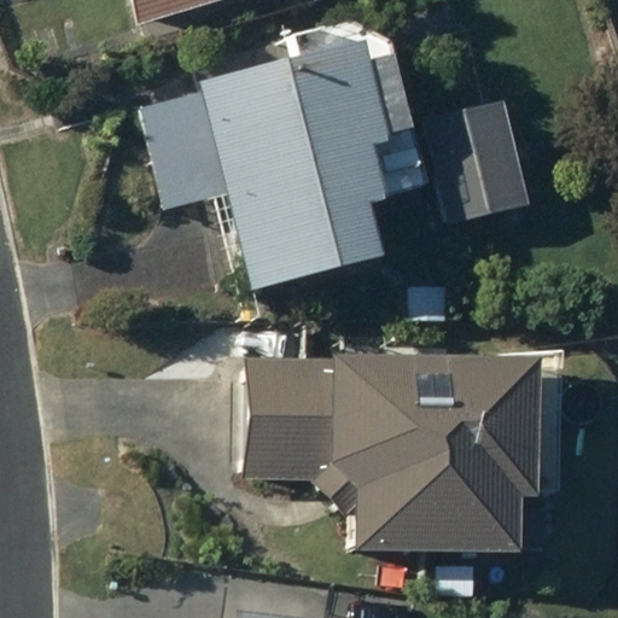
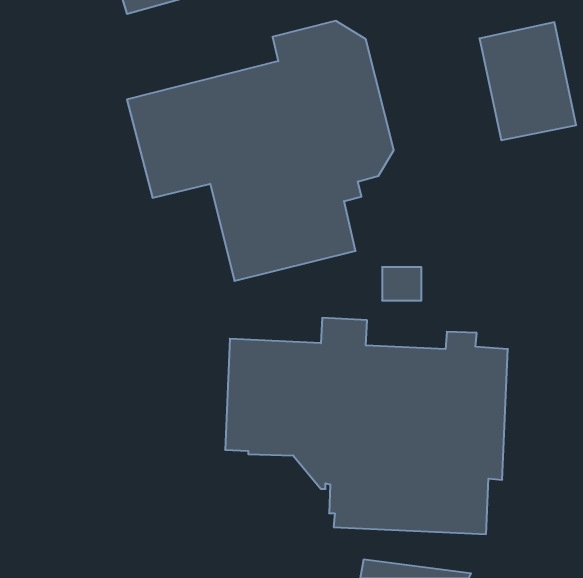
building: [427,97,529,220] -> [479,22,576,140]

